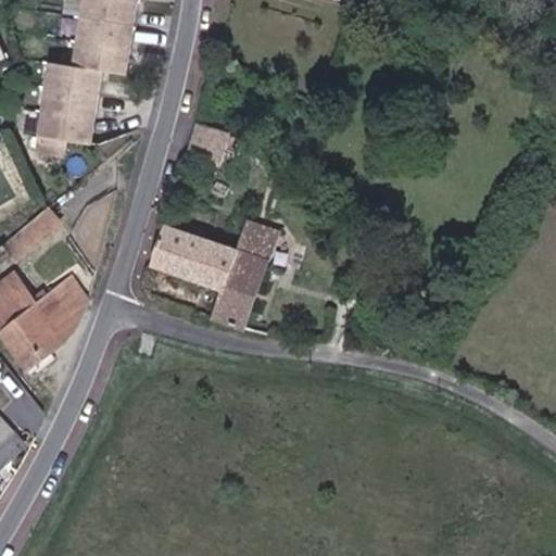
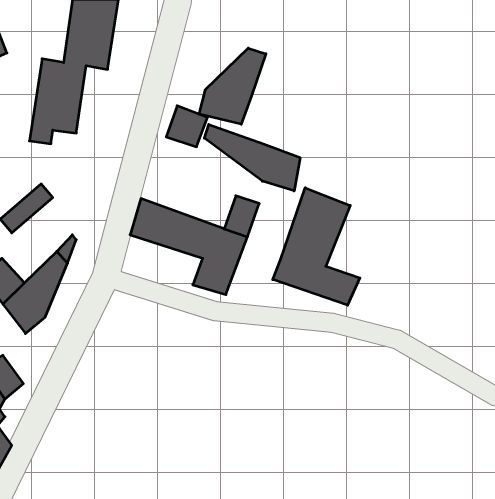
building: none -> [199,48,266,124]
building: none -> [204,124,300,191]
building: none -> [273,188,360,305]

